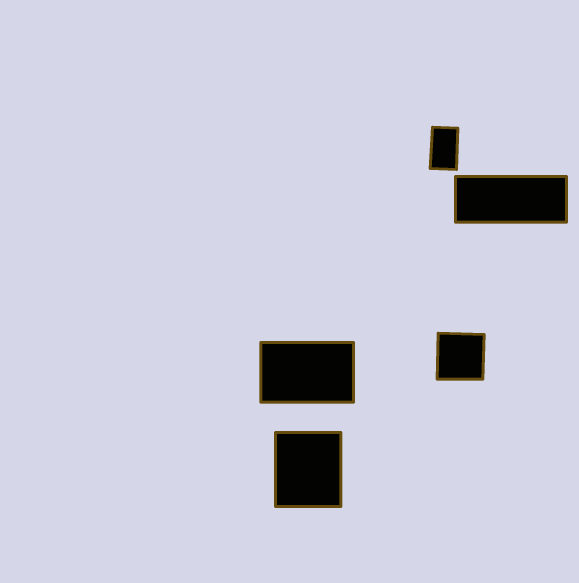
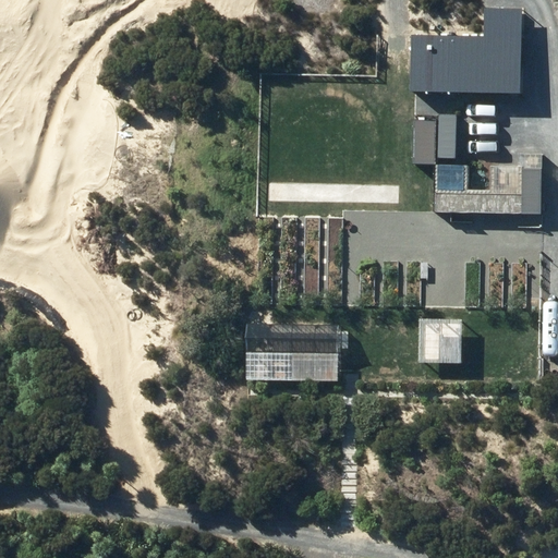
building: none -> [410,7,523,95]
building: [275,433,341,507] -> none

